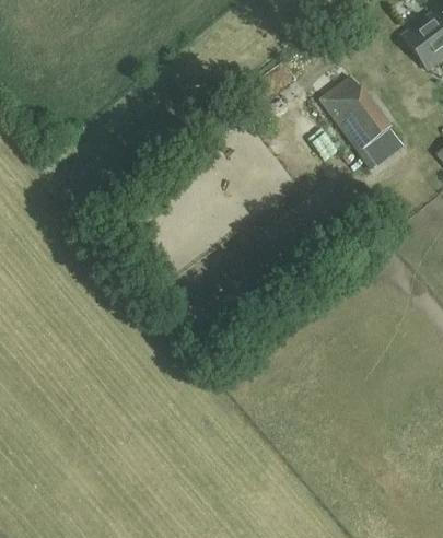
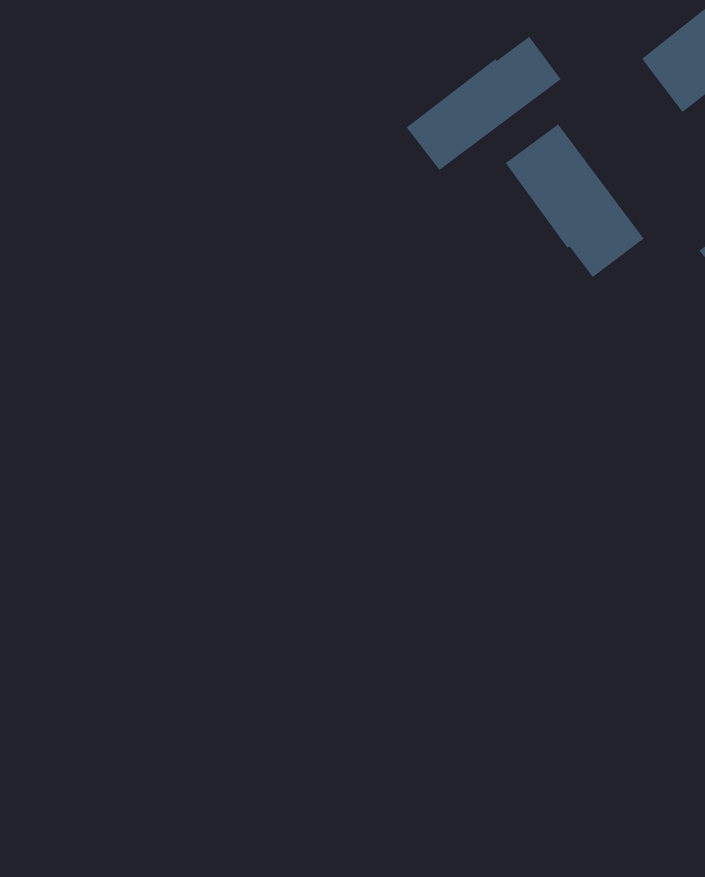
building: none -> [406,36,561,171]

